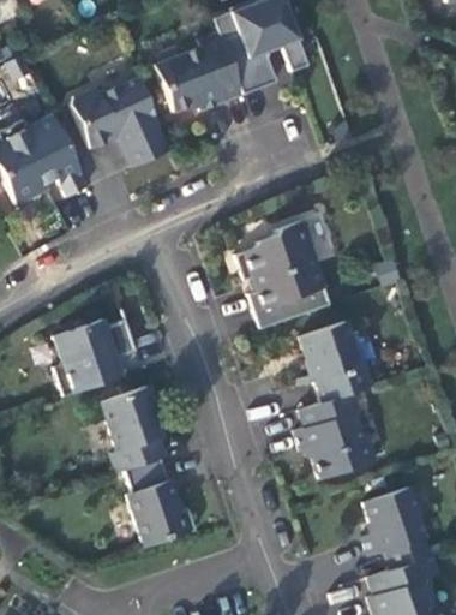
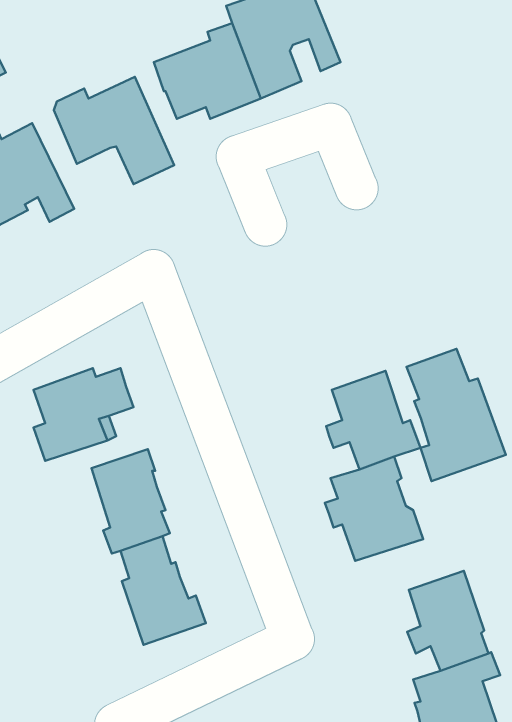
building: [235,219,331,328] -> none
building: none -> [407,349,506,481]

